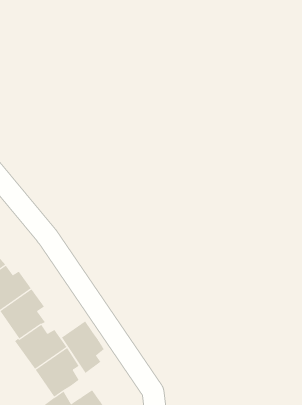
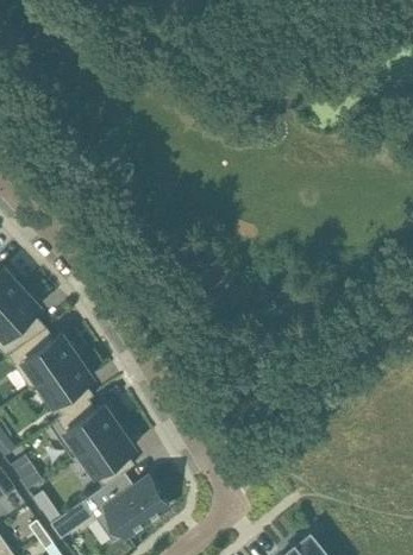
building: [61,321,105,374] -> none

